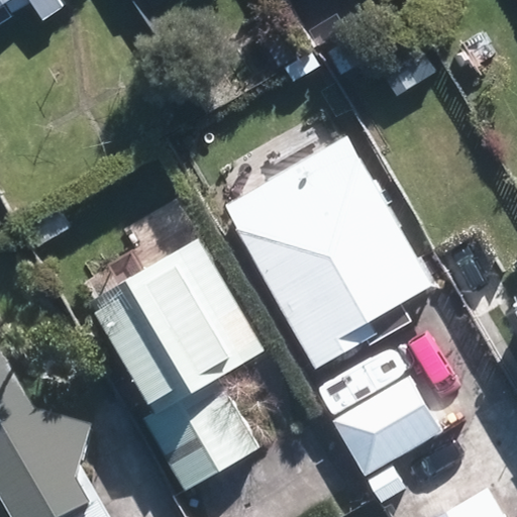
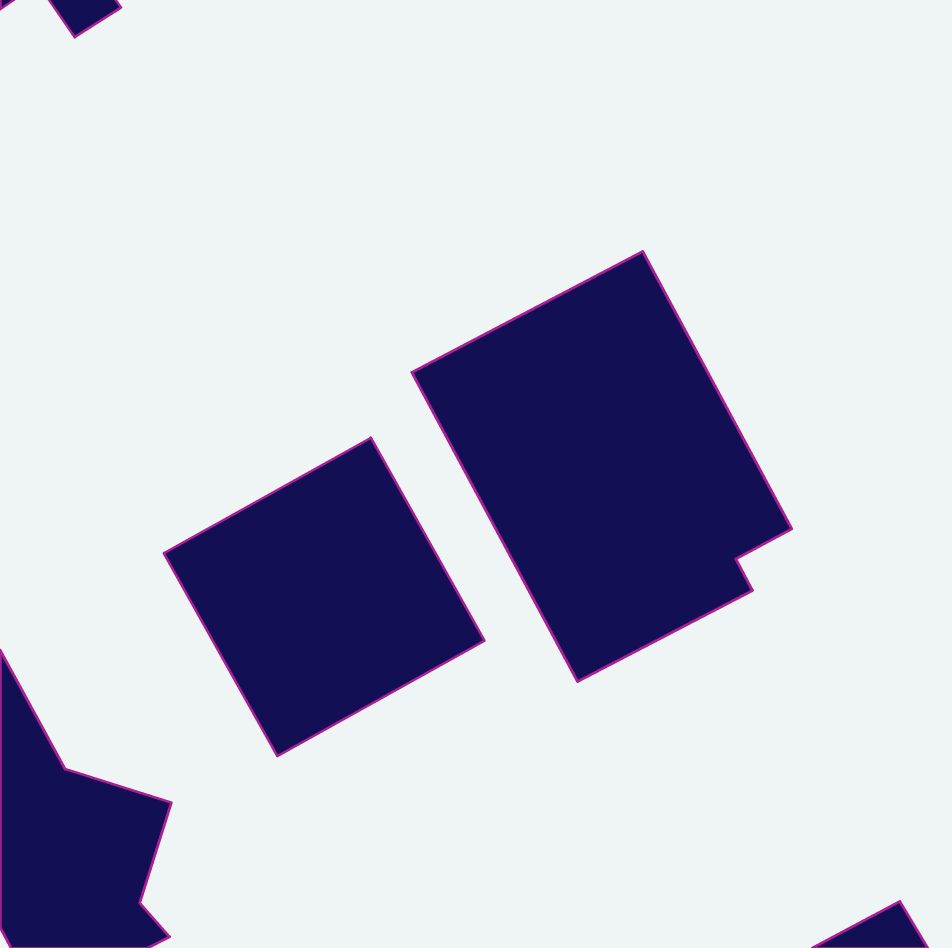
building: [332,374,442,476] -> none
building: [145,377,265,491] -> none

